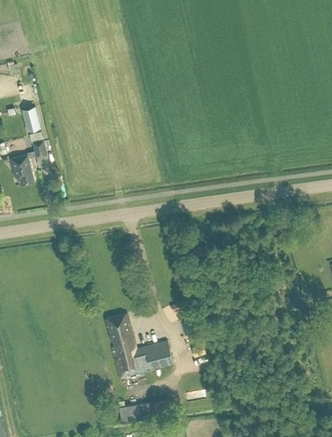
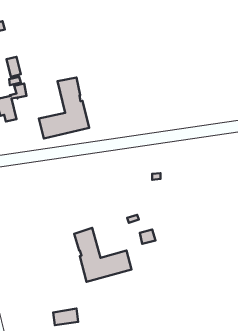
building: none -> [39,78,89,138]
building: [119,399,149,419] -> [53,308,78,325]

